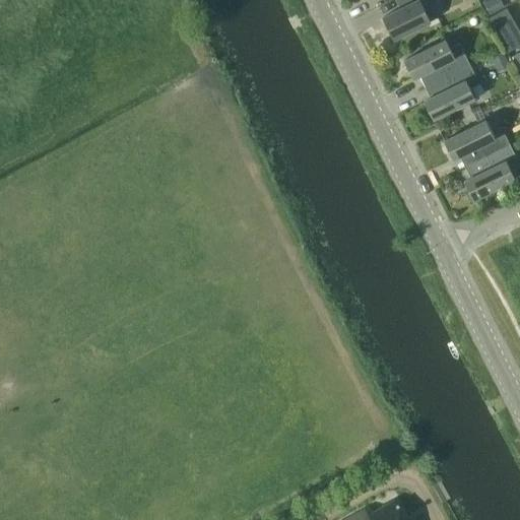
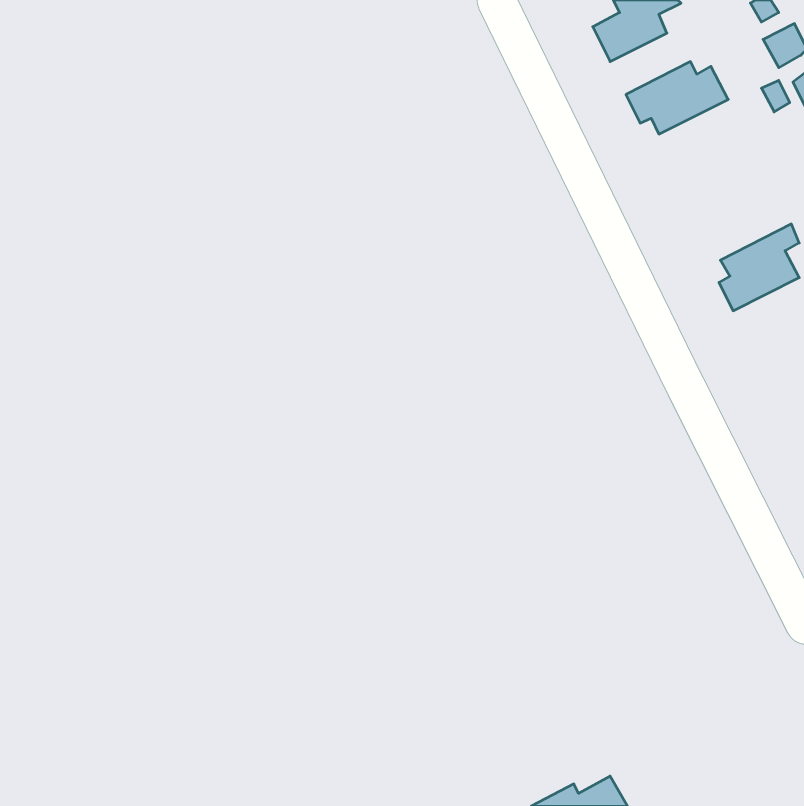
building: [425,64,476,120] -> none
building: [445,120,511,168] -> none

